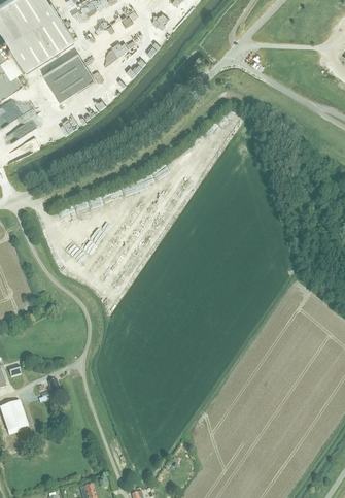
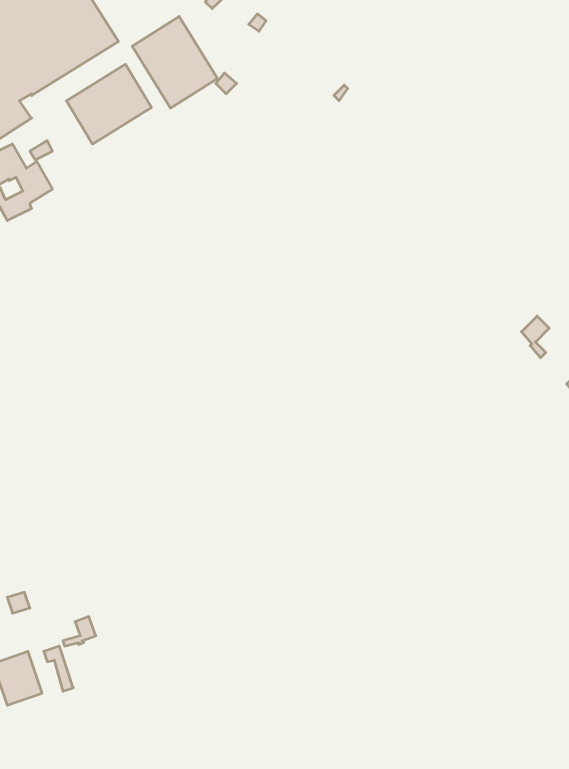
building: none -> [132,16,217,108]

